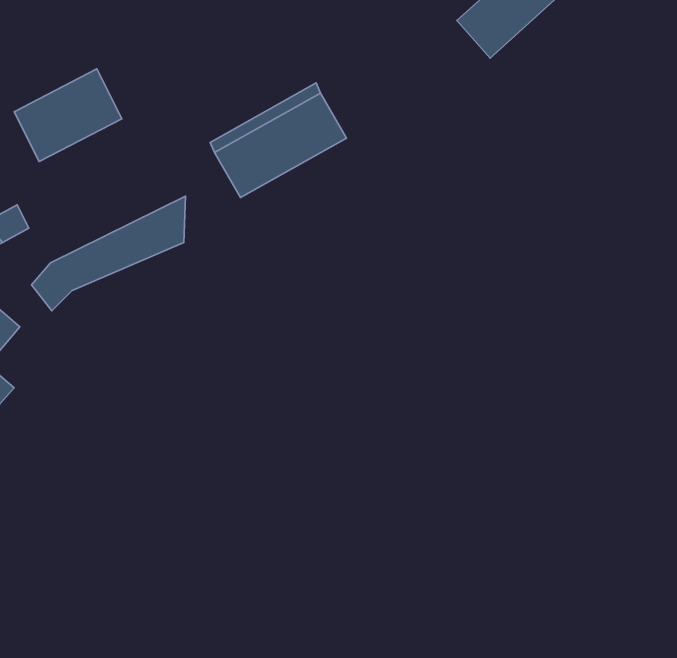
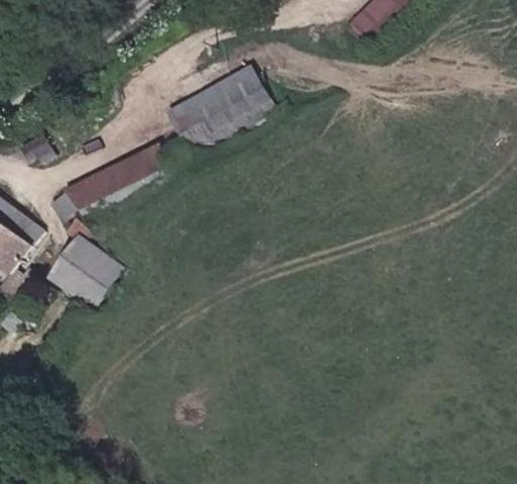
building: [14,69,122,162] -> none
building: none -> [49,234,121,306]

